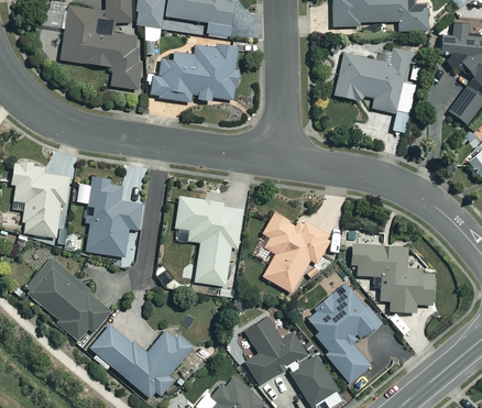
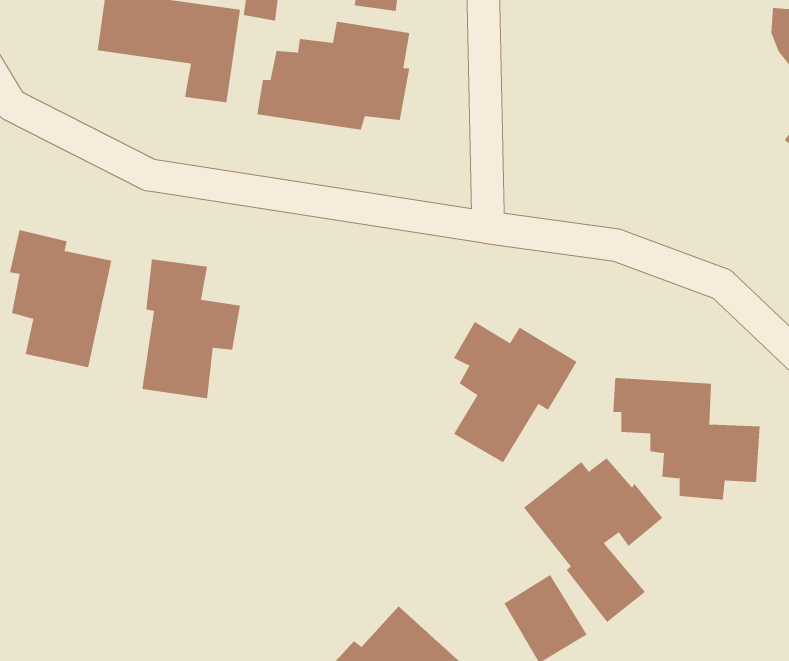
building: [335,46,415,132] -> none
building: [173,197,240,286] -> none
building: [24,256,109,342] -> none
building: [245,318,307,384] -> none
building: [87,324,193,395] -> none

